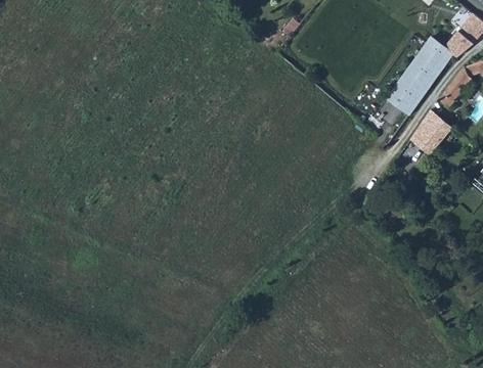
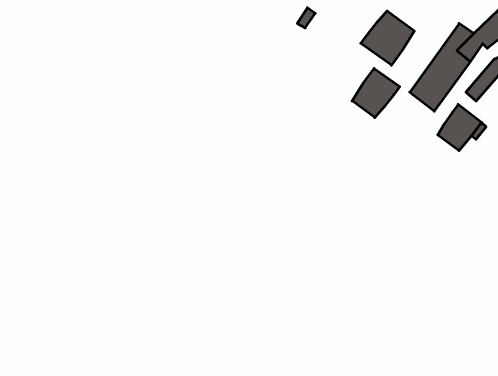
building: none -> [361,11,414,65]
building: none -> [352,68,400,118]

